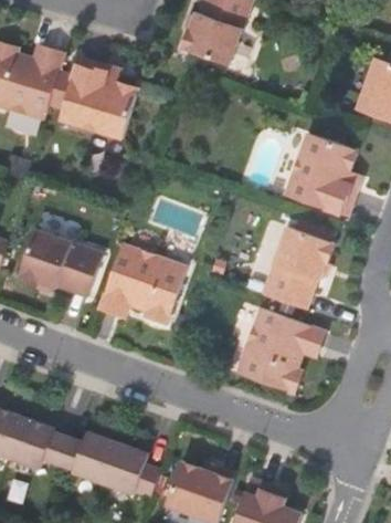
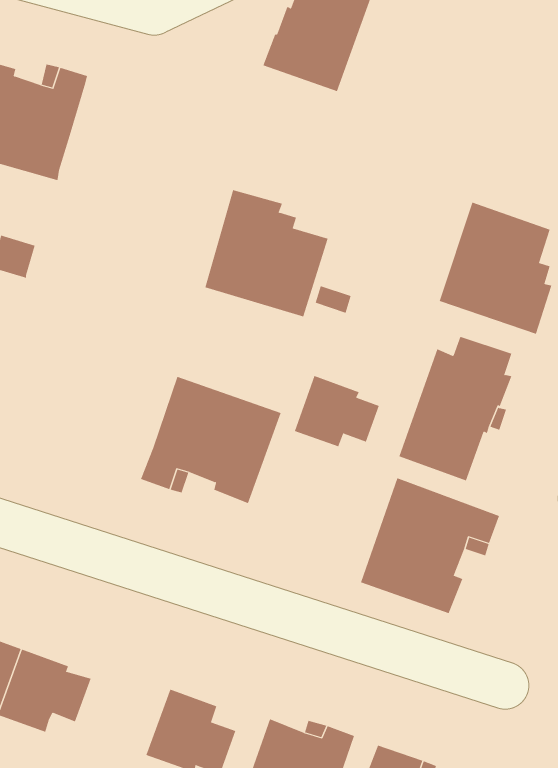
building: [61,57,139,138] -> [204,190,328,317]
building: [17,229,102,296] -> none
building: none -> [294,375,380,447]
building: [56,430,116,483] -> none

